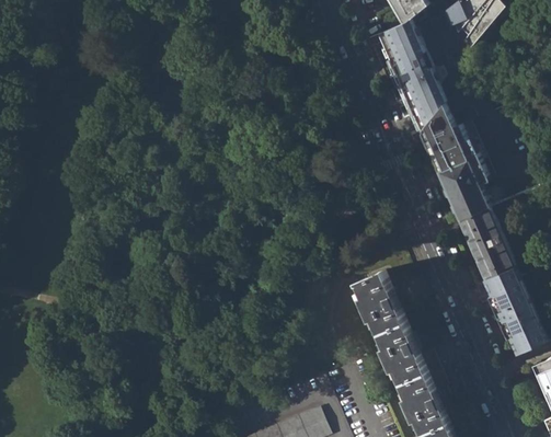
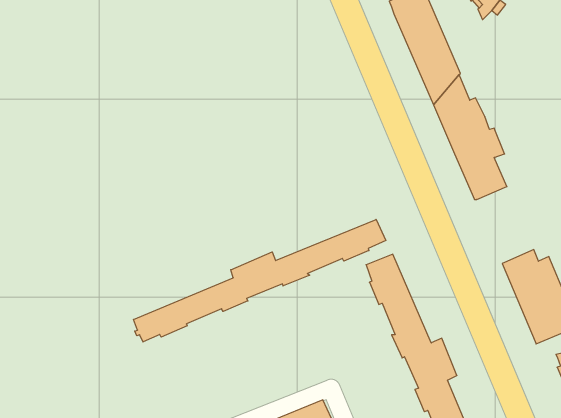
building: [460,209,514,280] -> none
building: none -> [134,219,386,342]

